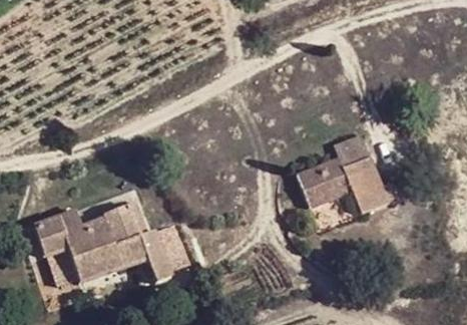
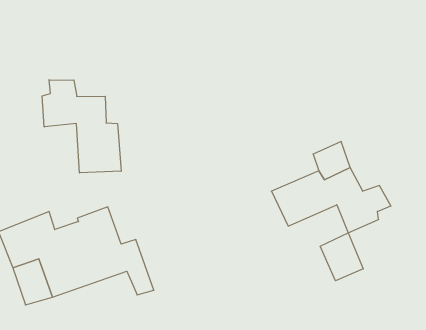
building: none -> [42,80,121,173]
building: none -> [320,233,363,281]

